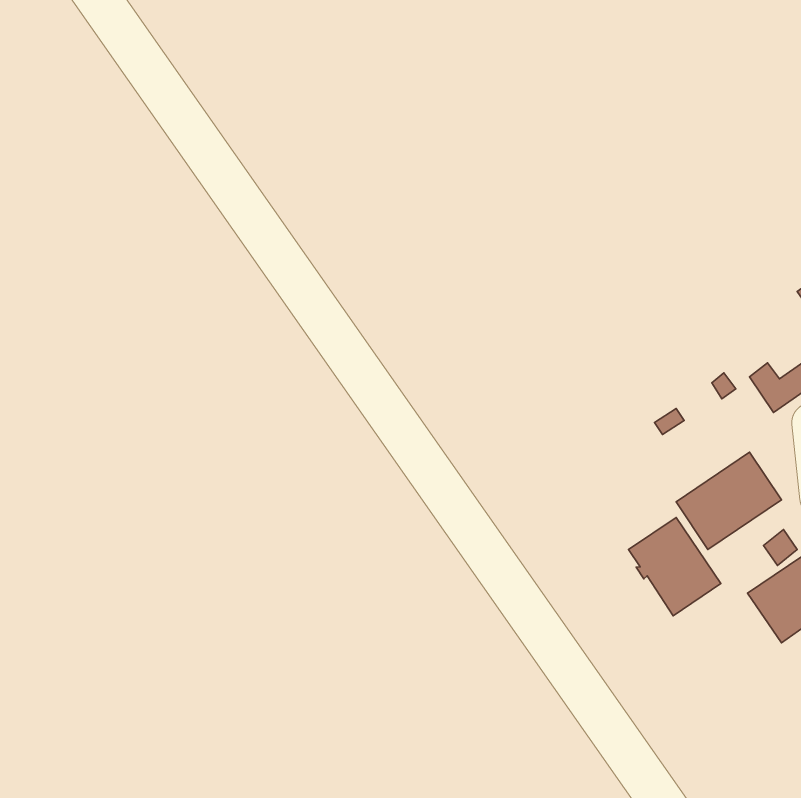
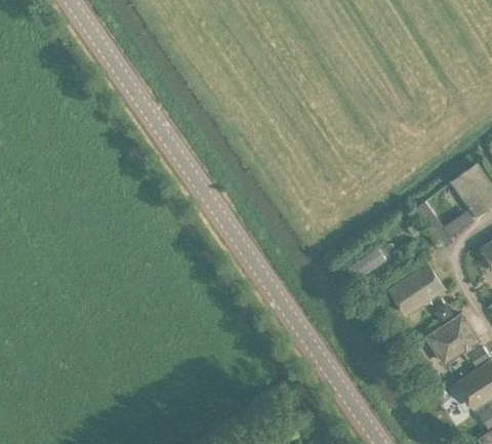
building: [628,517,721,616] -> none

